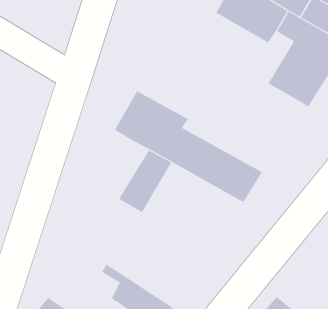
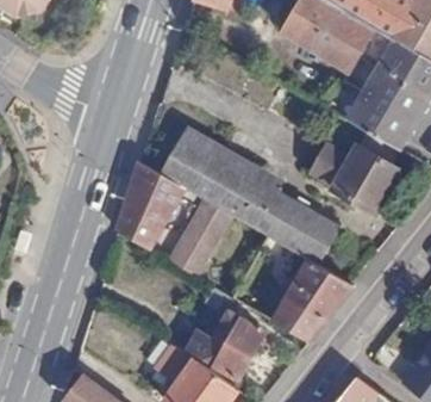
building: none -> [314,129,400,212]
building: none -> [115,162,181,252]
building: none -> [268,254,352,342]
building: none -> [183,308,264,378]

